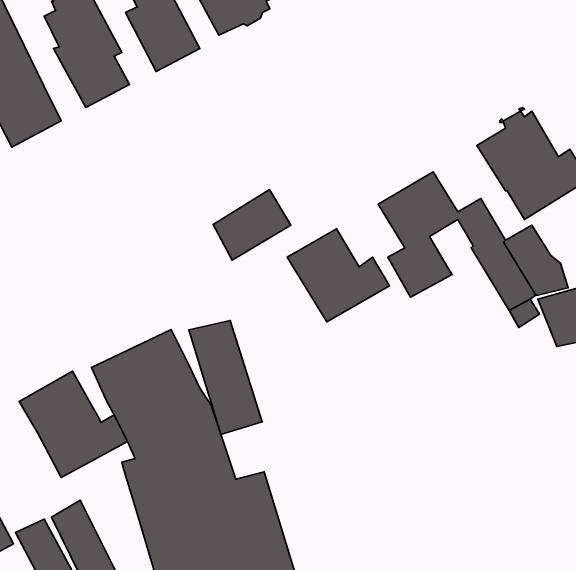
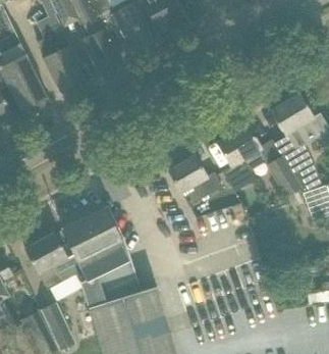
building: [213,190,291,260] -> none
building: [189,321,262,435] -> none

